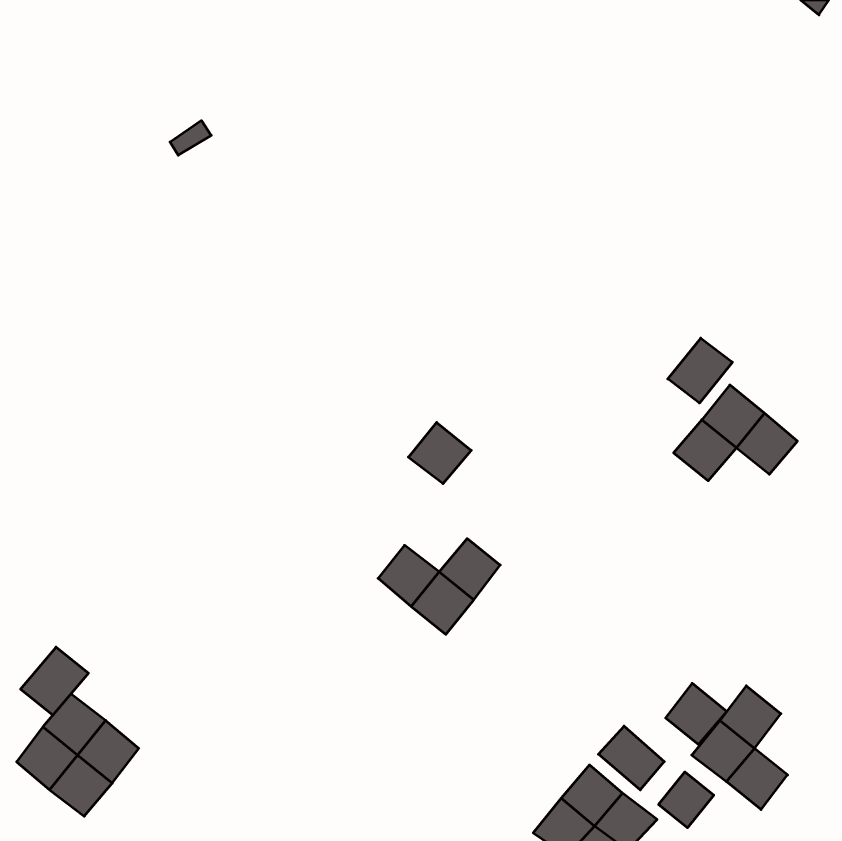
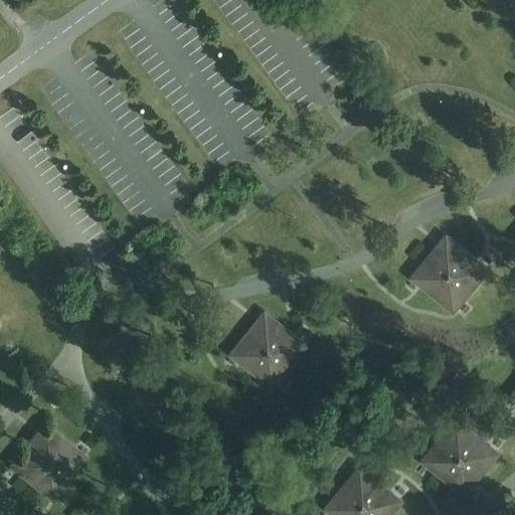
building: [668,338,732,403] -> none
building: [408,422,471,484] -> [246,313,285,350]
building: none -> [432,275,469,312]
building: [21,647,88,715] -> none
building: [666,683,727,744] -> [460,437,497,474]
building: [598,726,664,790] -> none
building: [659,772,714,828] -> none

